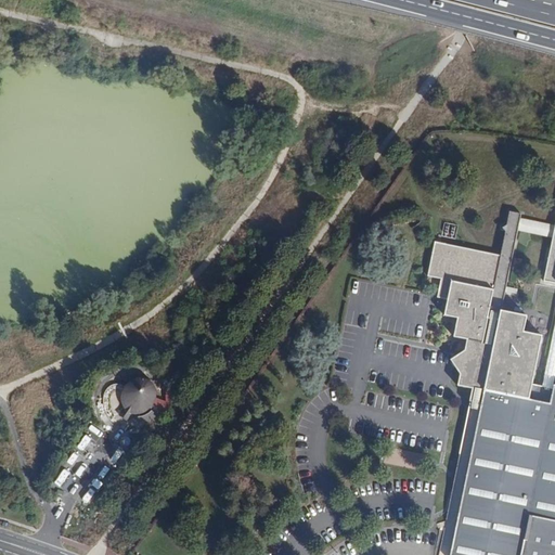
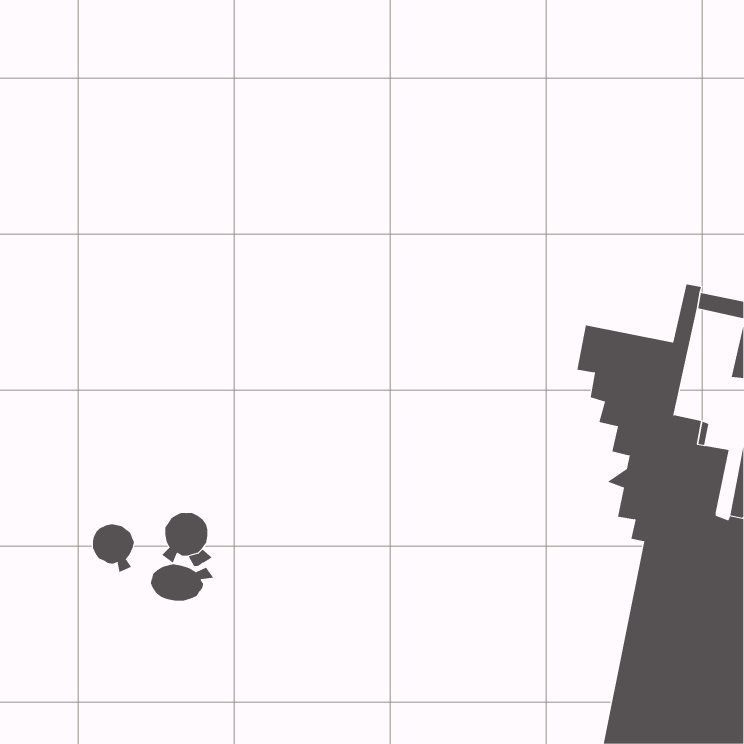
building: none -> [92,523,134,573]
building: none -> [150,563,214,601]

